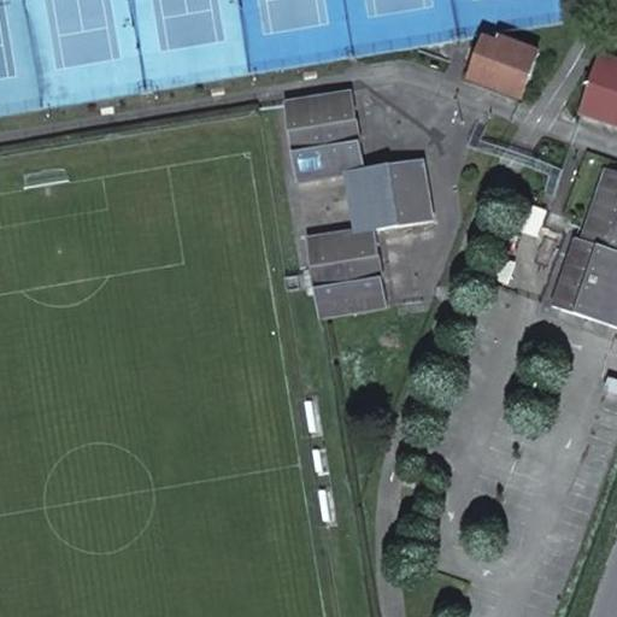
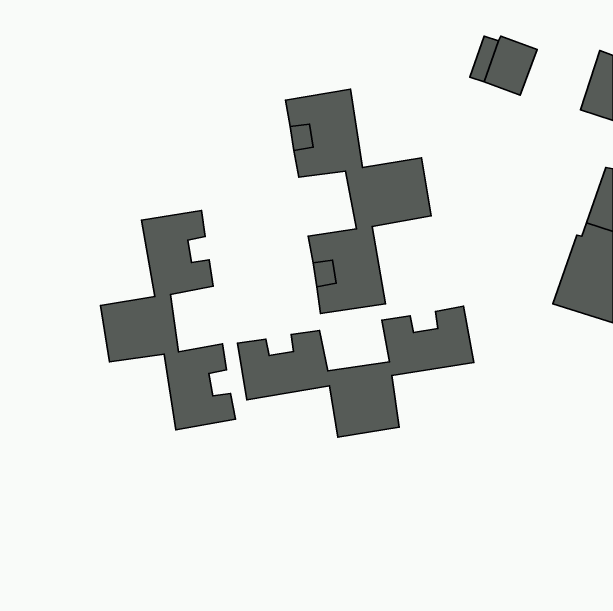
building: none -> [100,210,236,430]
building: none -> [238,306,474,437]

